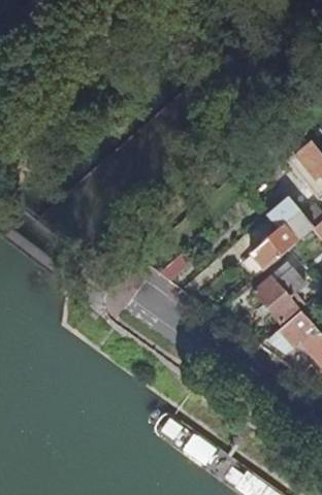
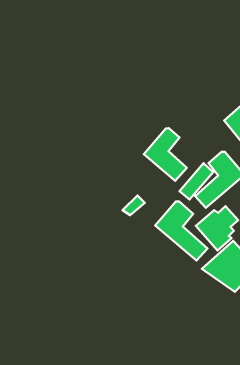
building: none -> [144,128,187,181]
building: none -> [155,201,208,261]

